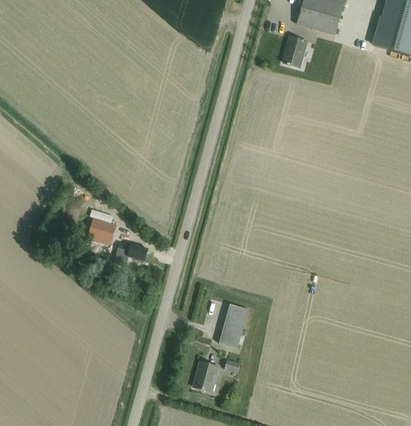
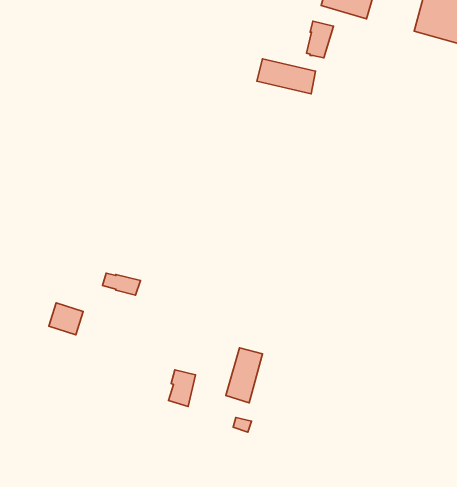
building: none -> [257,59,315,94]
building: [89,218,117,244] -> [49,303,83,335]
building: [196,361,218,391] -> [169,370,196,407]

